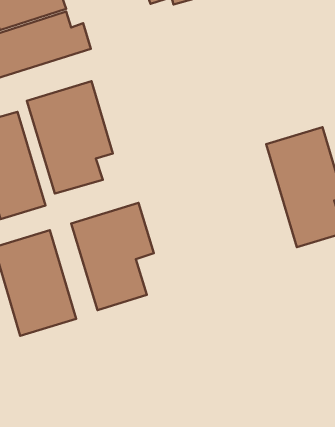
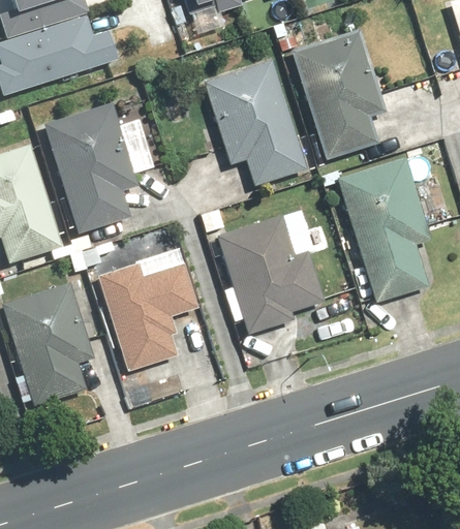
building: none -> [286,23,388,161]
building: none -> [197,57,305,186]
building: none -> [216,217,325,336]

